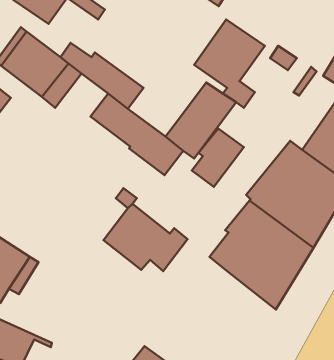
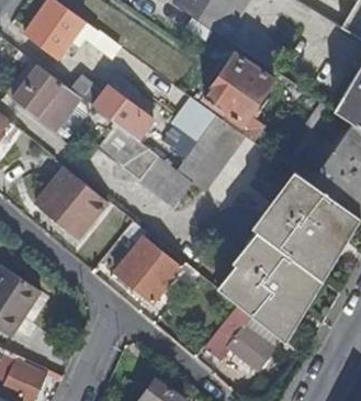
building: [192,129,244,187] -> [165,97,216,155]
building: none -> [36,168,106,237]
building: none -> [208,313,274,370]

